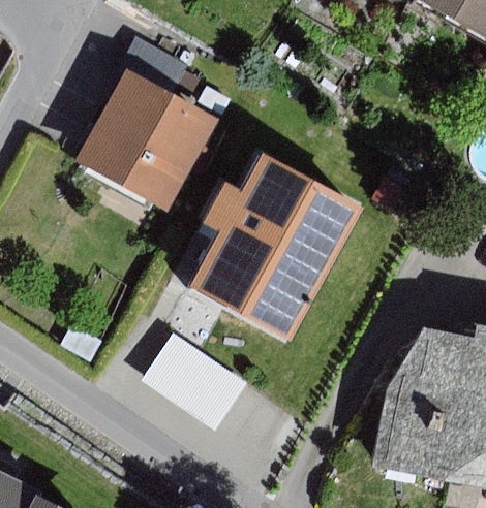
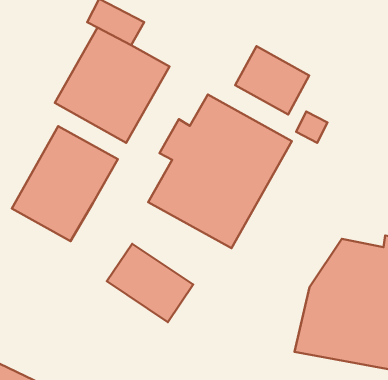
building: none -> [235,46,309,114]
building: none -> [12,126,118,241]

